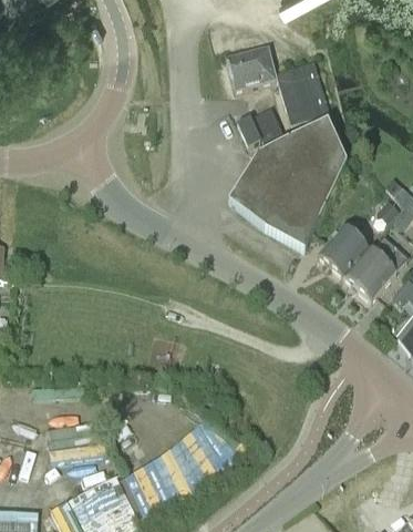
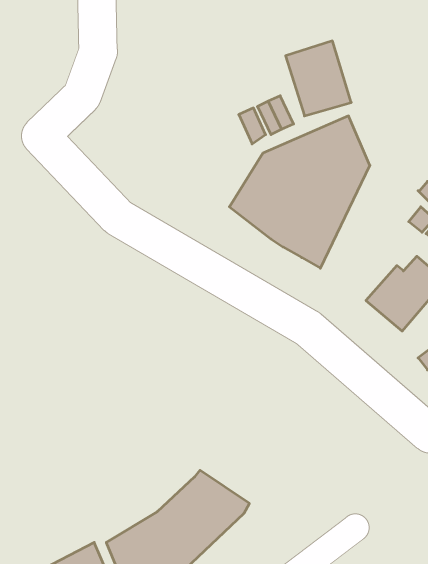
building: [226,47,276,90] -> none
building: [317,225,366,276] -> none

